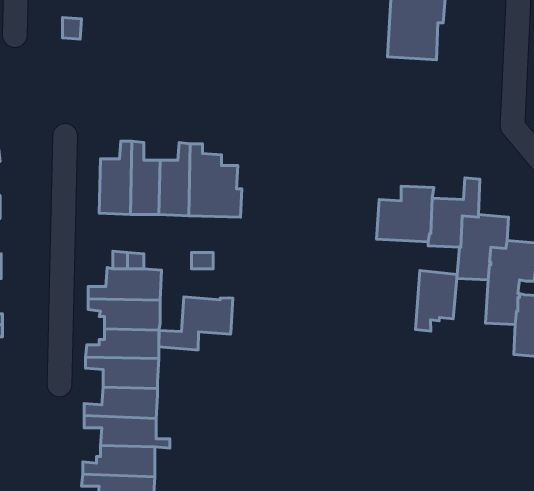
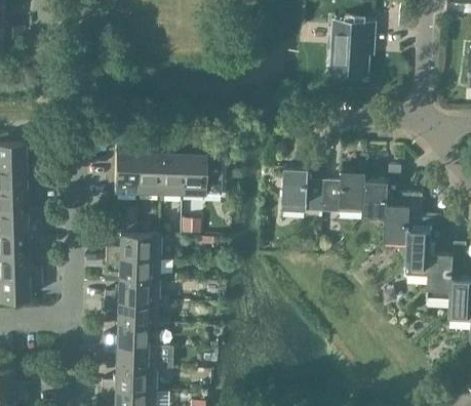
building: none -> [281,167,324,212]
building: [416,270,457,331] -> none
building: [159,297,233,350] -> none

